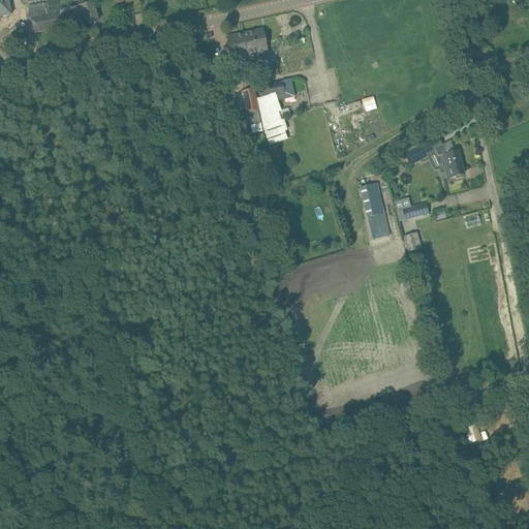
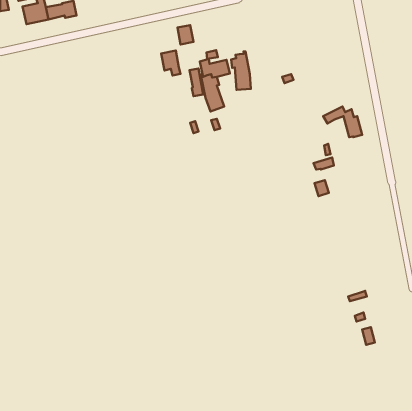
building: [244,28,269,60] -> [161,50,181,75]
building: none -> [231,51,251,90]
building: [360,182,386,228] -> none

